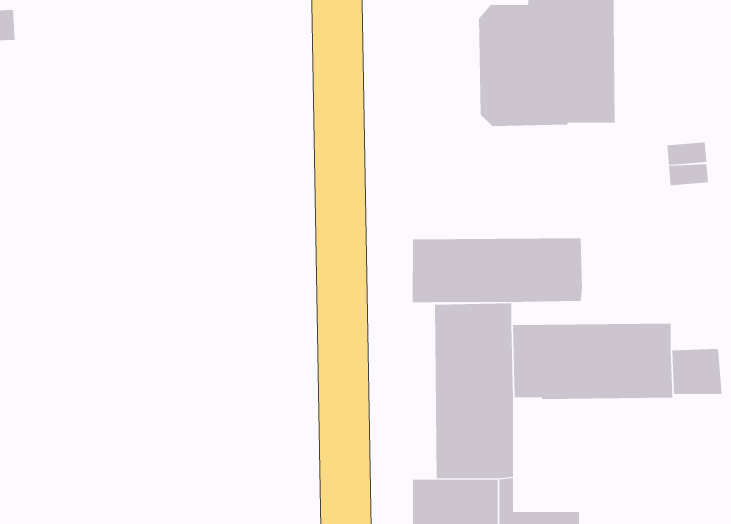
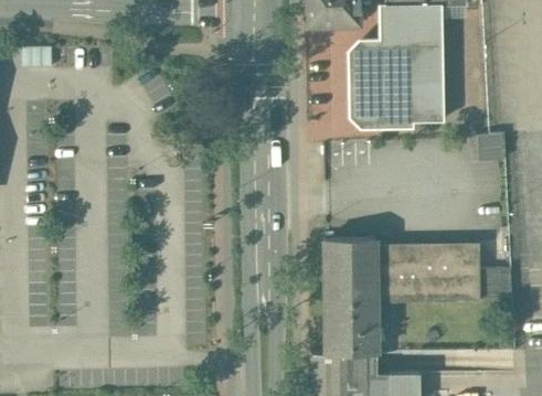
building: [412,237,582,303] -> none

